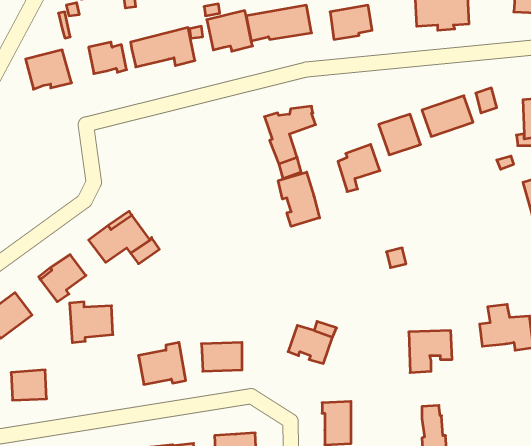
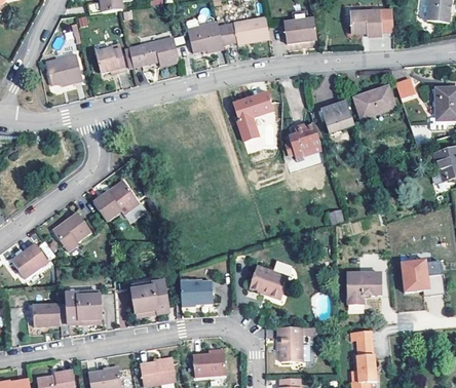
building: [278,172,320,226] -> none
building: [70,302,113,343] -> [68,294,102,325]

